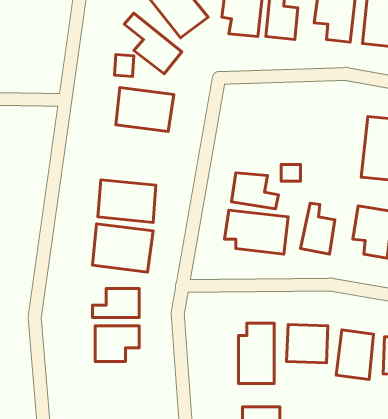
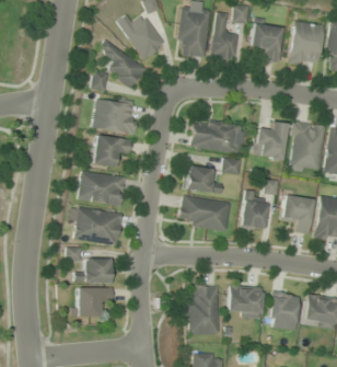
building: none -> [190,119,243,154]
building: none -> [253,122,288,161]
building: none -> [91,135,131,169]

